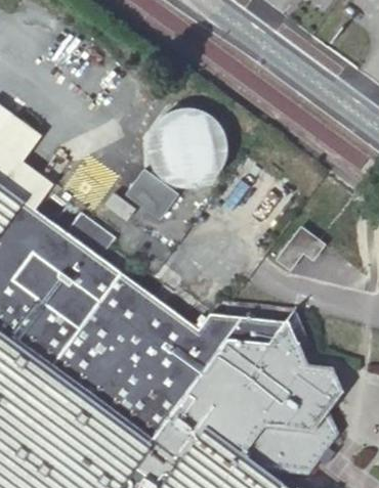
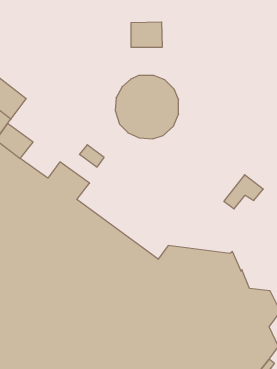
building: none -> [131,22,162,47]
building: [125,167,178,217] -> none

